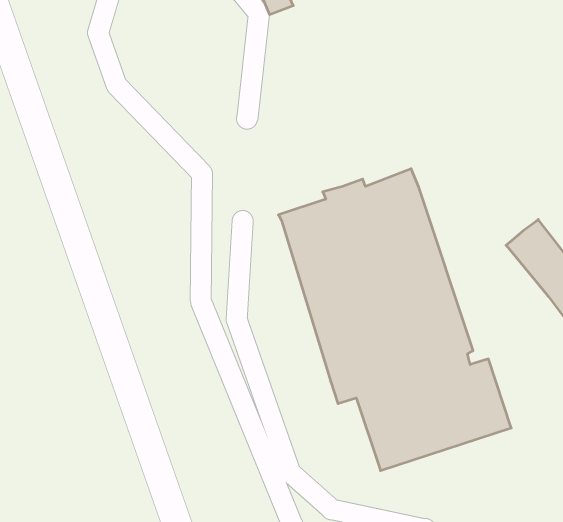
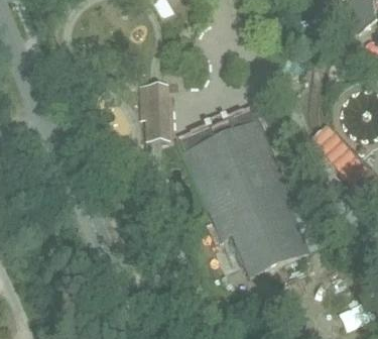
building: none -> [139,84,171,142]

